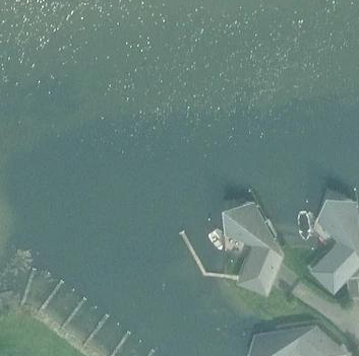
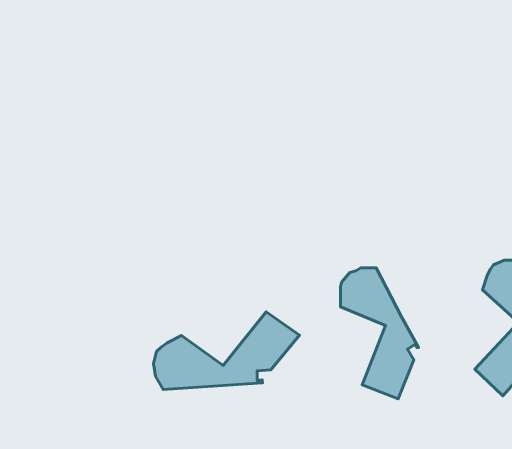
building: none -> [153,312,300,390]

